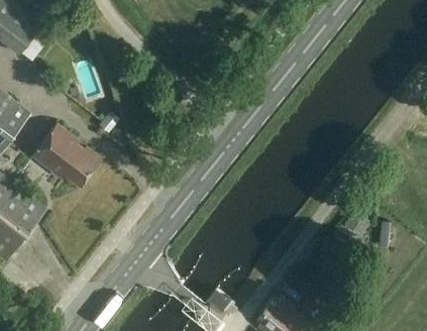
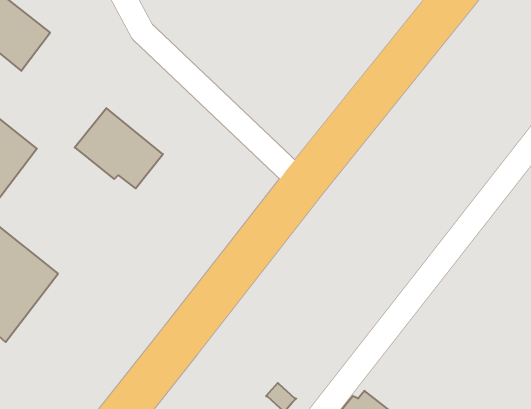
building: [30,125,98,187] -> [75,108,163,188]

